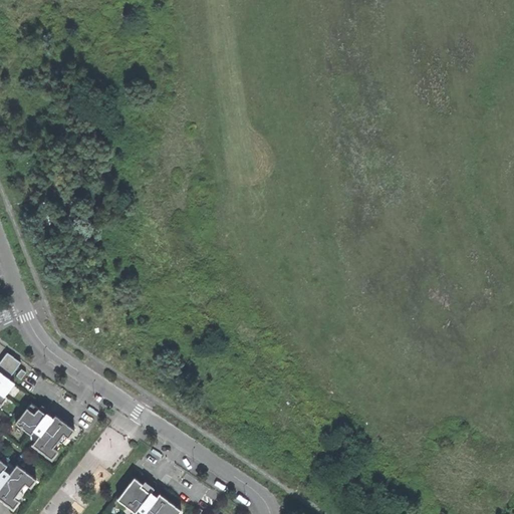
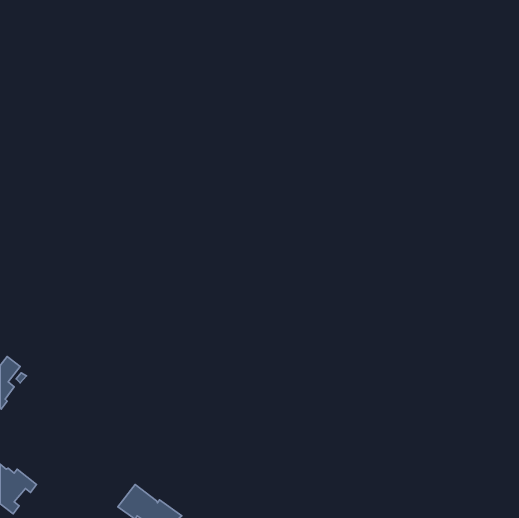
building: [15,404,74,460] -> none

